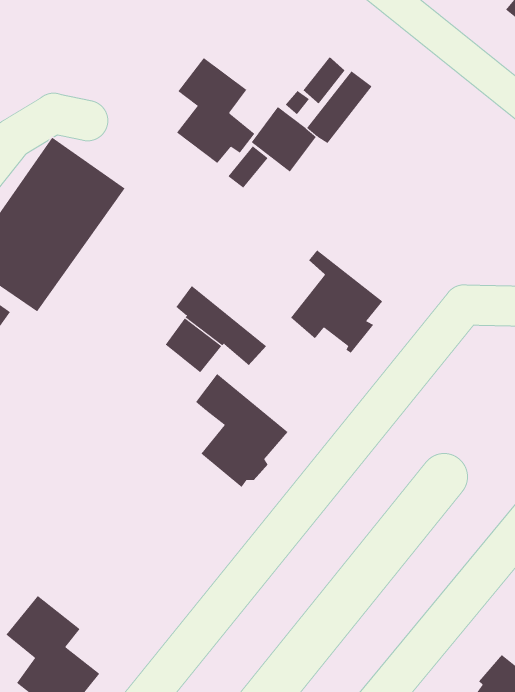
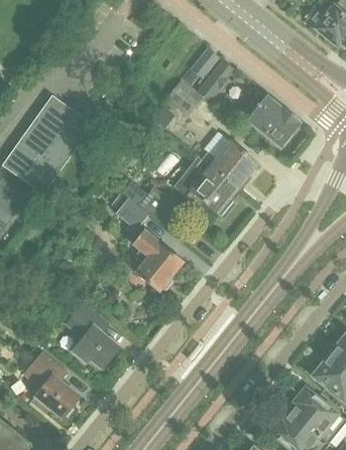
building: [176,57,255,164] -> none
building: none -> [240,92,299,146]
building: none -> [201,141,257,187]
building: none -> [64,299,119,366]

